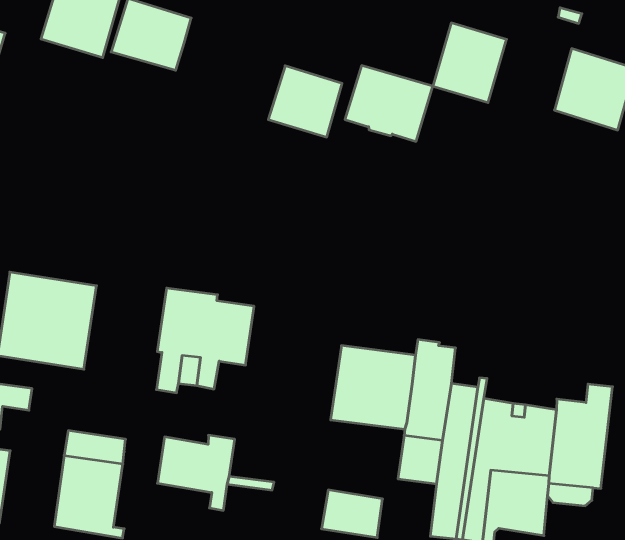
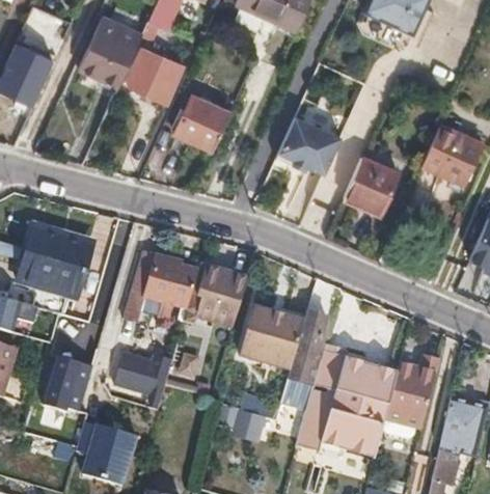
building: [433,23,507,103] -> [344,157,399,215]
building: [268,66,342,137] -> [176,98,230,150]
building: none -> [185,264,246,328]

